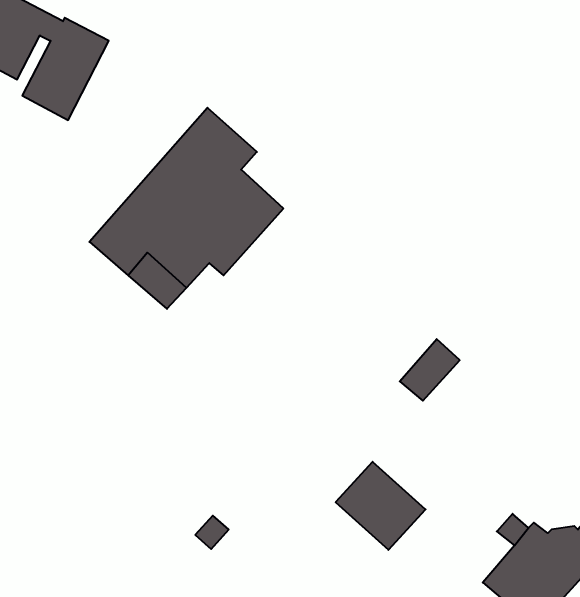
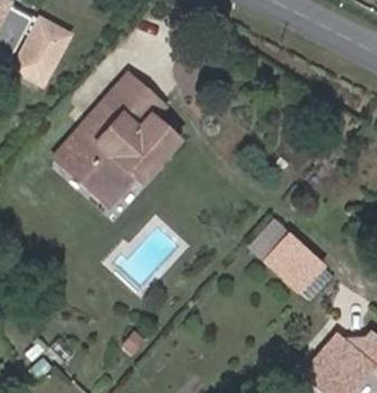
building: [336,462,426,550] -> [266,235,323,290]

